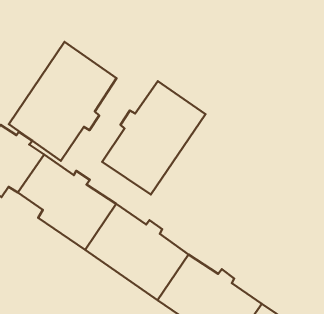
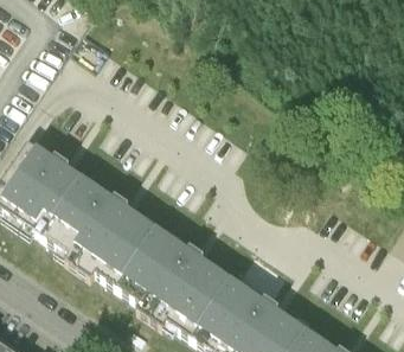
building: [9,42,117,161] -> none
building: [102,81,206,194] -> none

